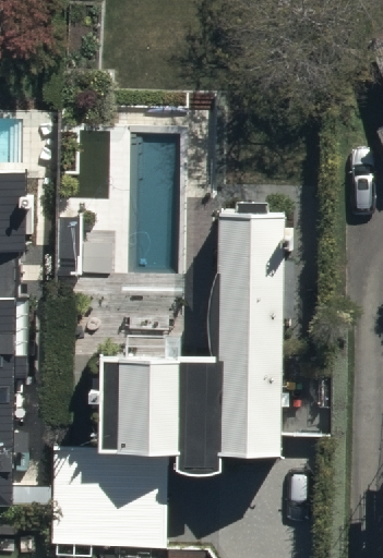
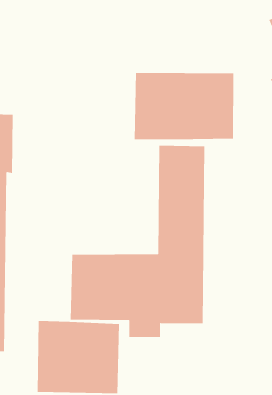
building: none -> [134,72,234,140]

